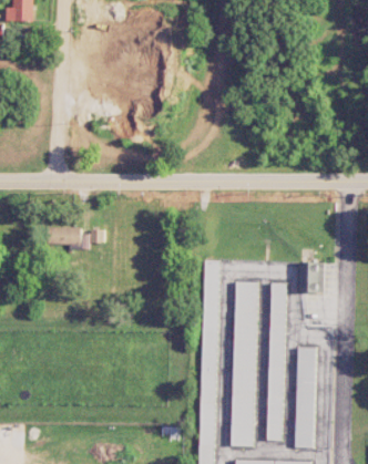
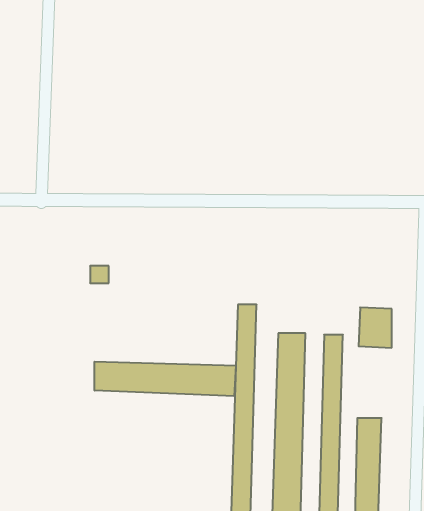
building: [48,227,82,249] -> none
building: none -> [95,362,236,396]

